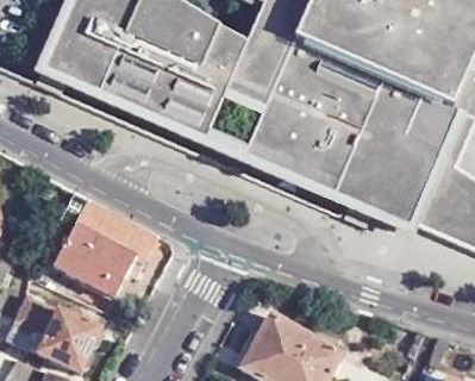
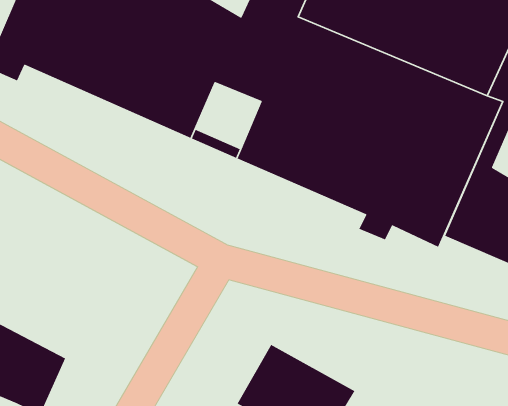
building: [52,187,162,294] -> none

